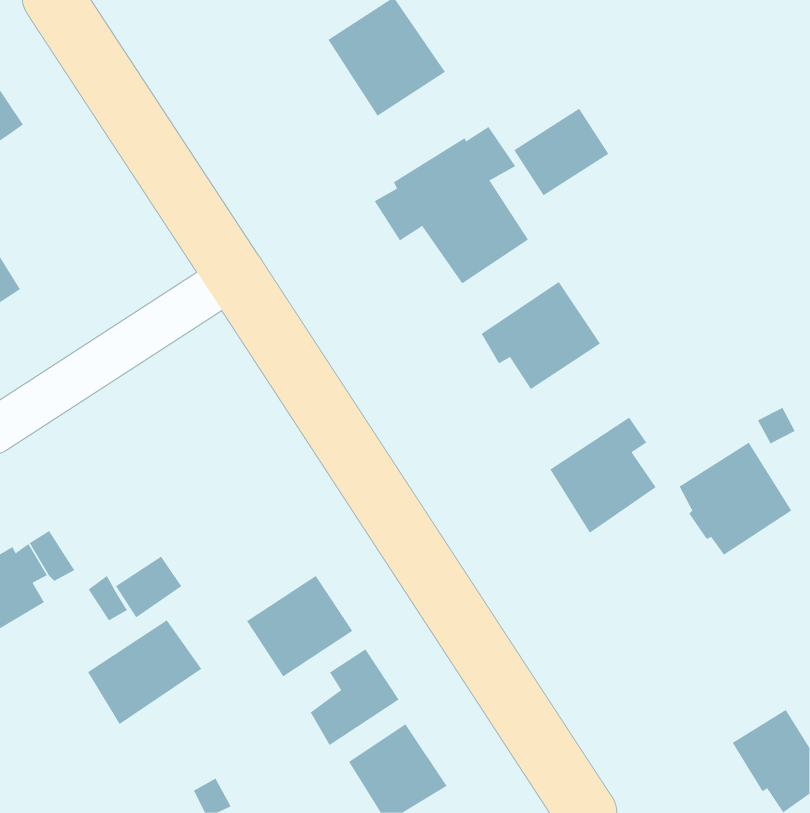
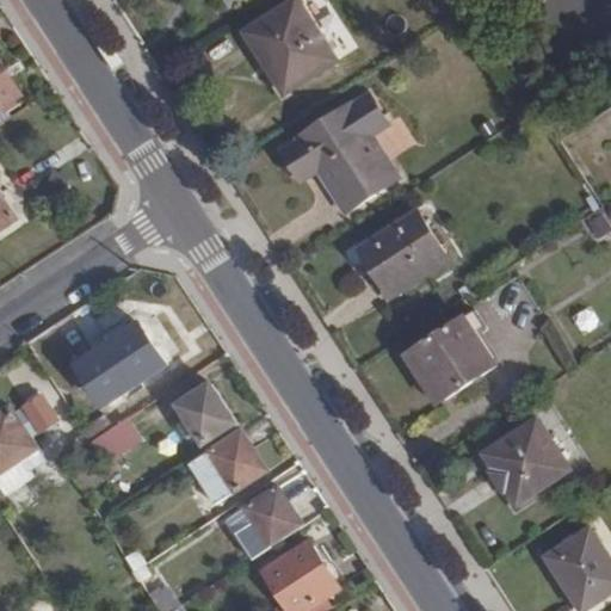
building: [514,108,609,196] -> none
building: [679,442,792,555] -> [481,420,566,505]
building: none -> [174,384,232,444]
building: [87,619,202,725] -> [76,327,162,406]

